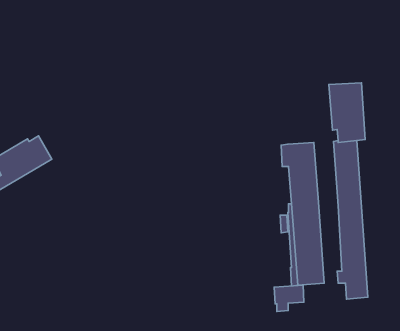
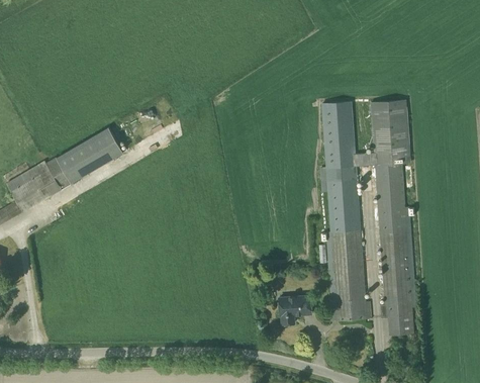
building: none -> [321,99,381,167]
building: none -> [57,127,123,183]
building: [274,285,304,311] -> [279,295,311,323]

